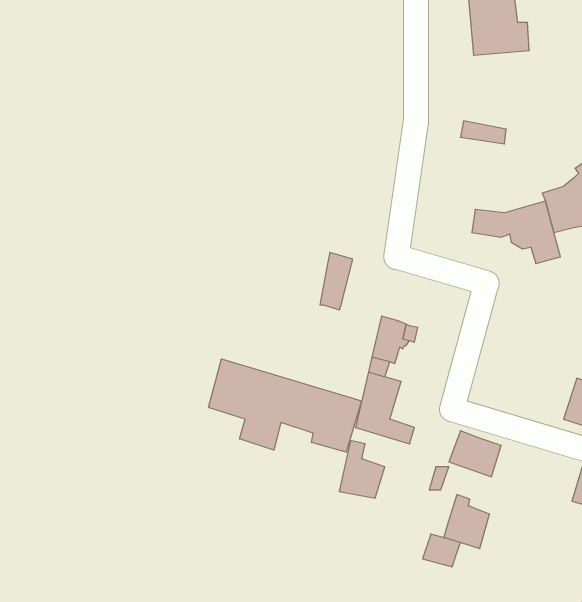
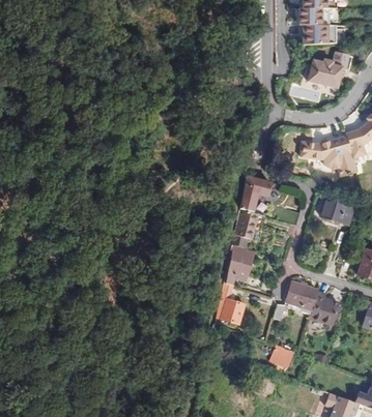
building: none -> [308,57,342,86]
building: [320,252,353,310] -> [240,176,261,212]
building: none -> [321,198,353,225]
building: [209,359,362,452] -> none
building: [444,494,490,549] -> [310,291,339,325]

